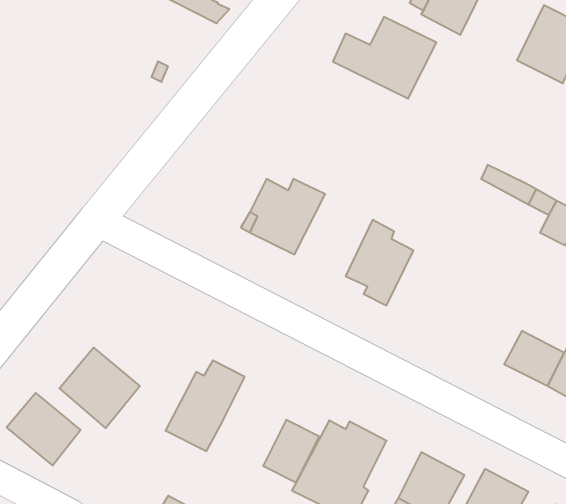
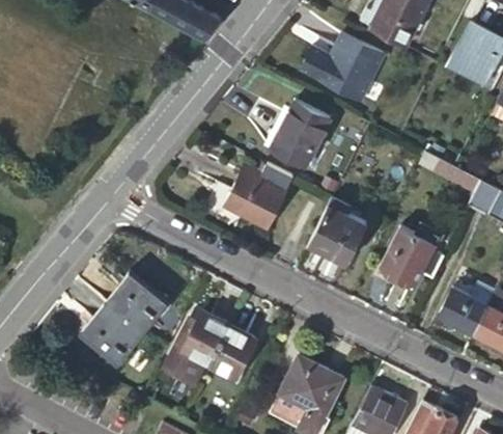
building: none -> [272,102,329,166]
building: none -> [382,225,446,283]
building: [7,393,81,466] -> [106,273,166,332]
building: [263,420,319,482] -> [209,325,255,376]

